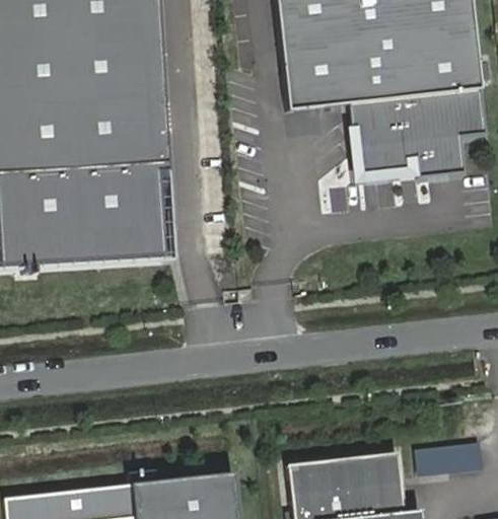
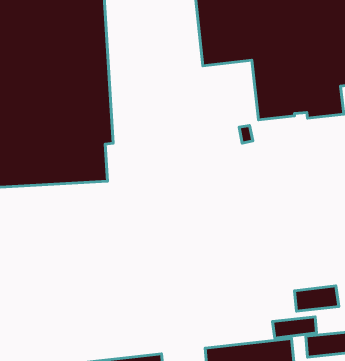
building: none -> [295,286,339,311]
building: none -> [272,317,317,338]

